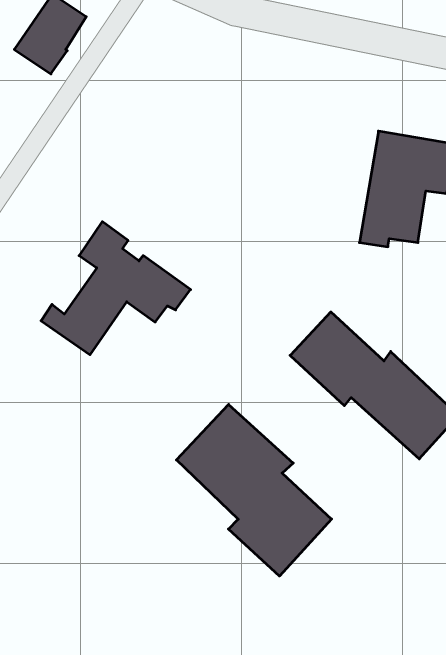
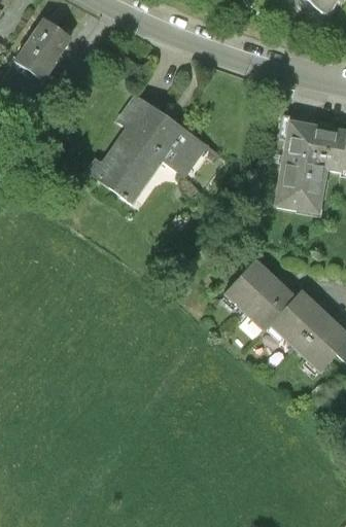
building: [41,222,191,355] -> [89,95,202,196]
building: [176,404,332,576] -> none

